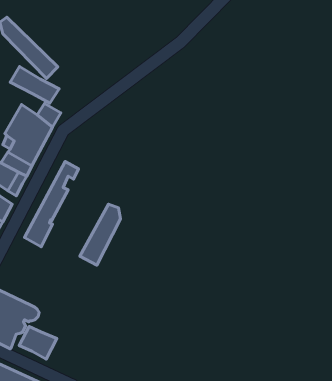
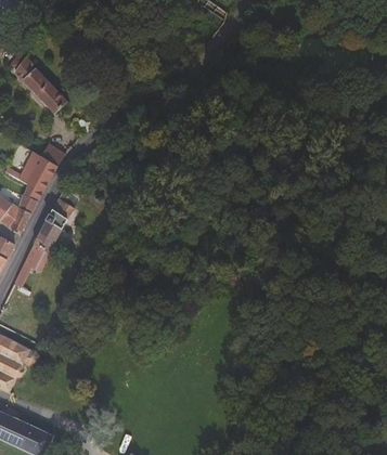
building: [10,66,59,103] -> none
building: [80,204,121,265] -> none
building: [19,326,57,359] -> none

